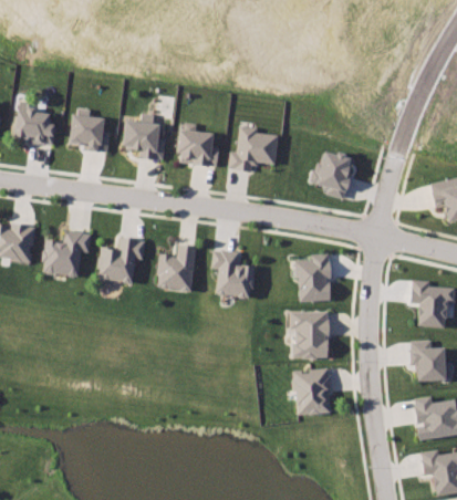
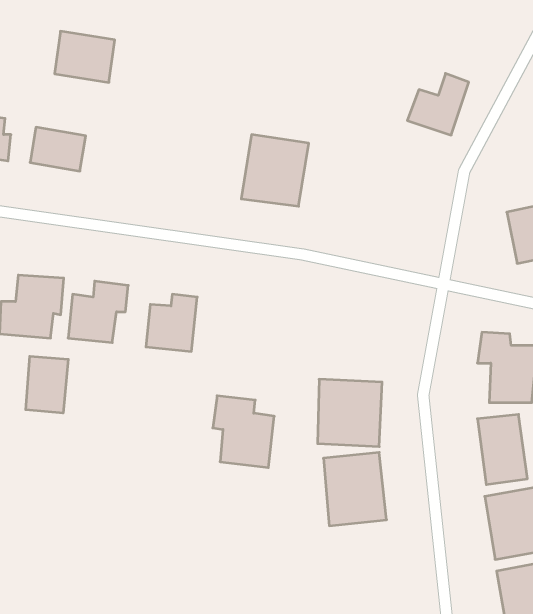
building: [122,121,167,159] -> [55,31,115,82]
building: [174,132,219,170] -> none
building: [320,146,366,192] -> [407,73,469,135]
building: [292,248,334,298] -> none
building: [210,249,257,303] -> [213,396,274,468]
building: none -> [26,356,68,413]

